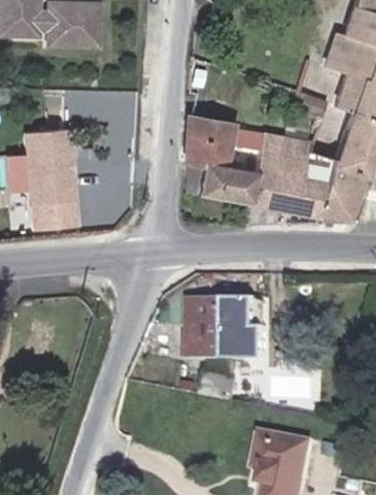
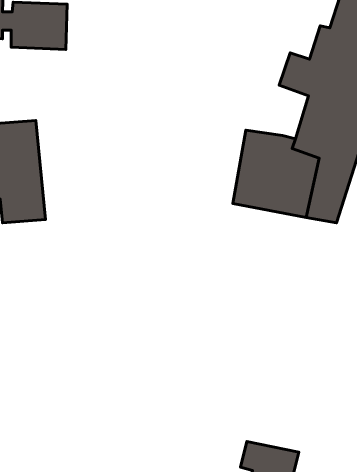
building: [187,112,267,201] -> none
building: [193,297,272,355] -> none

